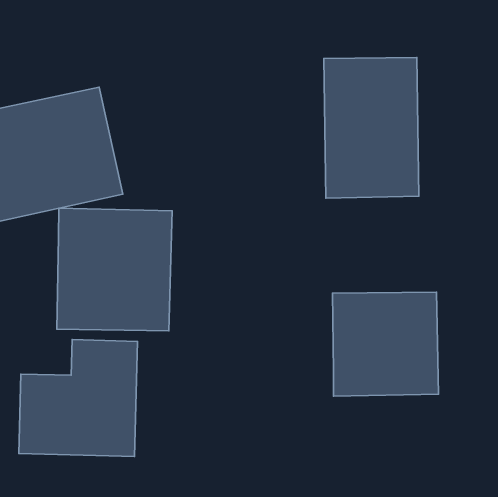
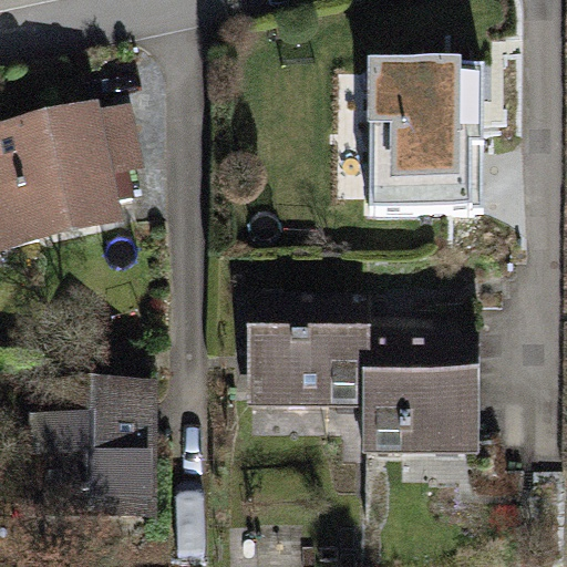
building: [57,208,172,331] -> none
building: none -> [252,291,373,416]

